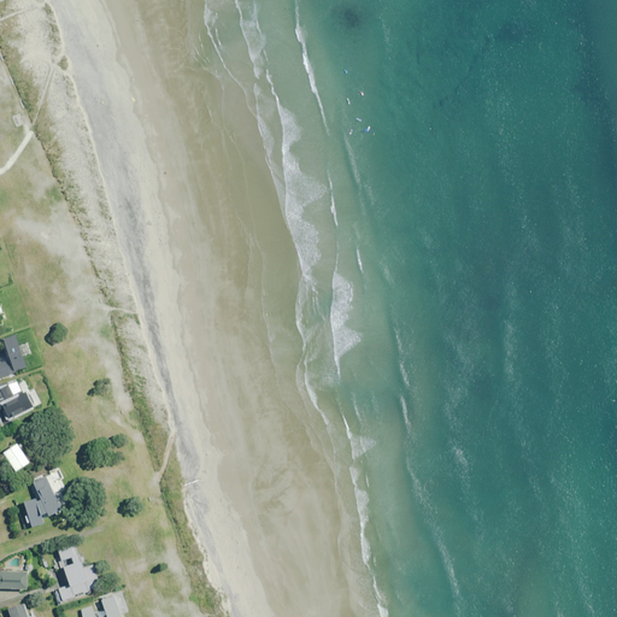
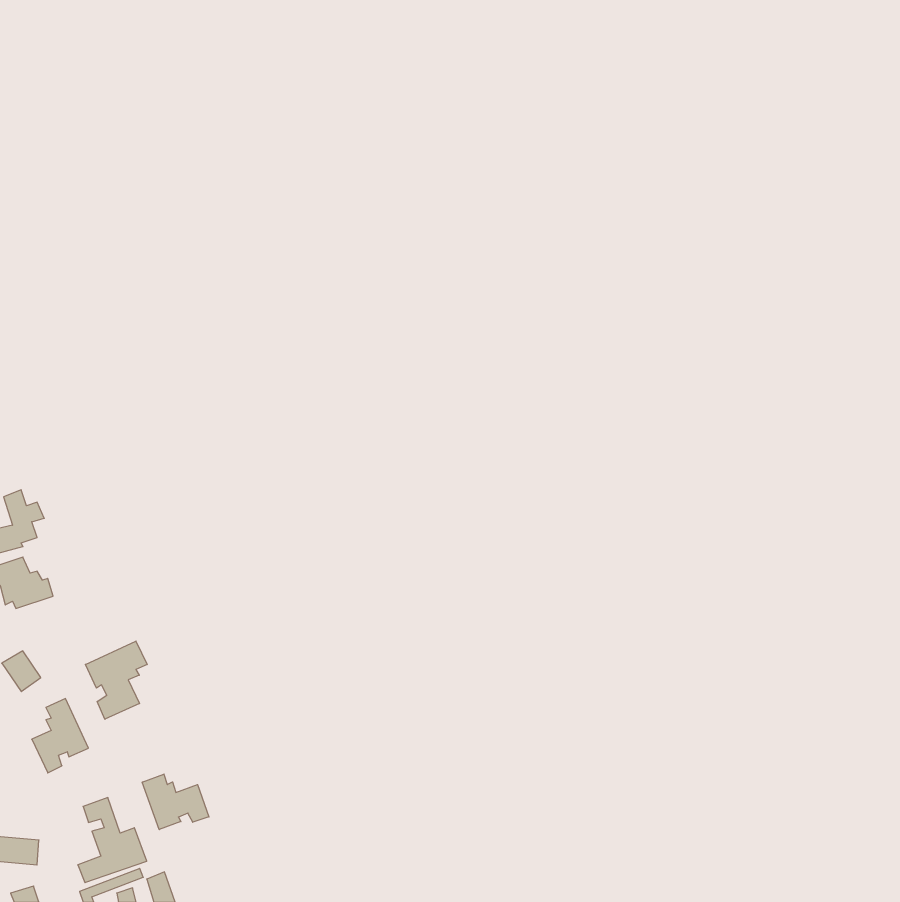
building: none -> [85,641,147,719]
building: none -> [142,774,209,830]

